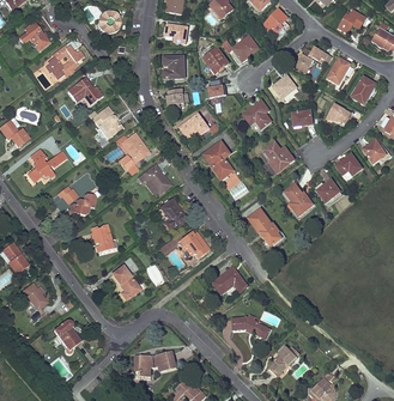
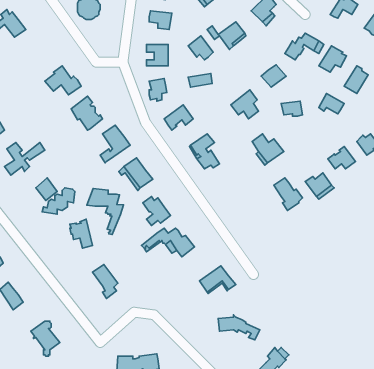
building: [46,40,84,78] -> none
building: none -> [87,188,123,235]
building: [248,208,284,245] -> none

